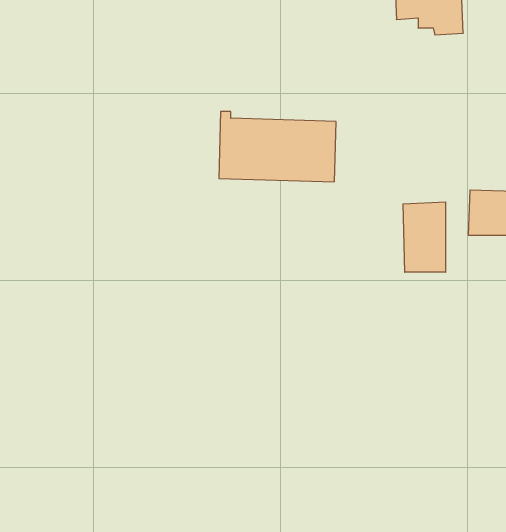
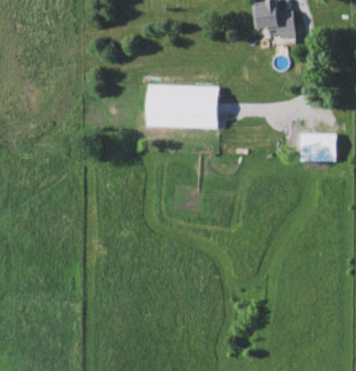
building: [403,202,446,272] -> none

